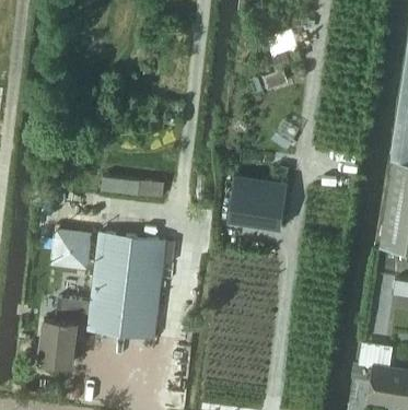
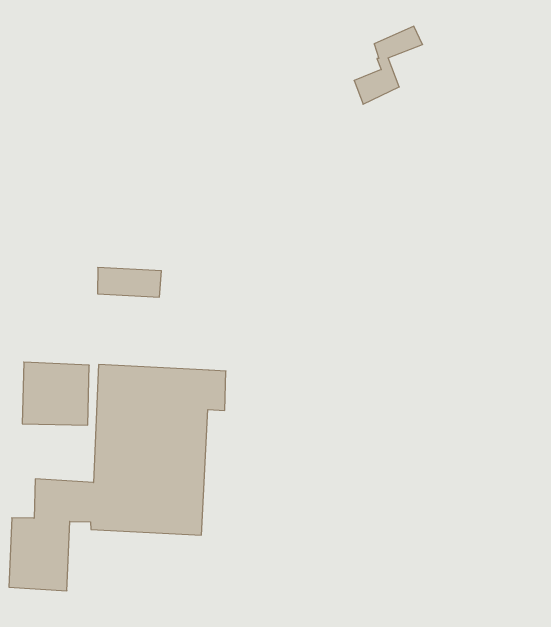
building: [226,177,287,230] -> none

